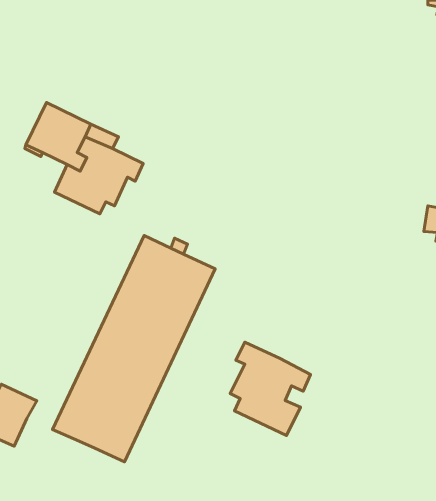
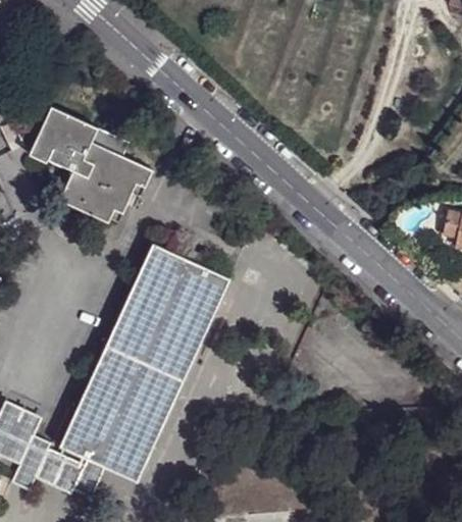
building: [230,342,311,436] -> none
building: none -> [11,435,103,497]

